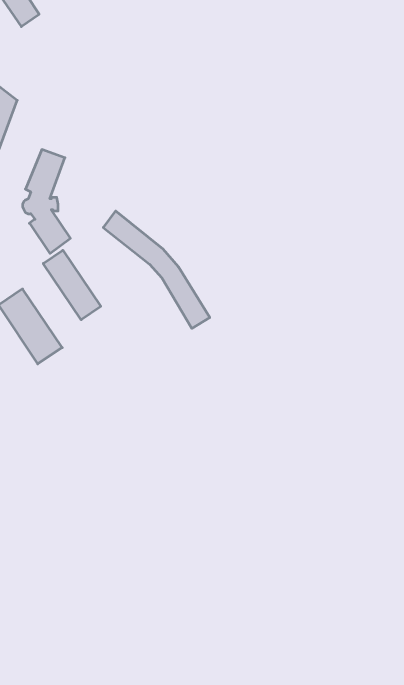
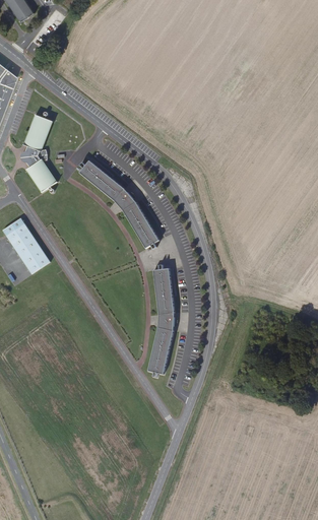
building: [43,250,101,320] -> none
building: none -> [149,269,176,375]

